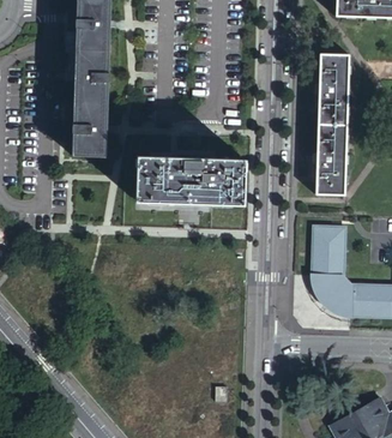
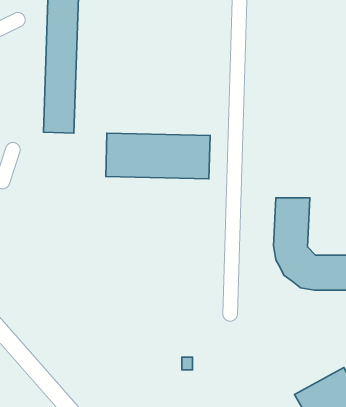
building: [316,53,349,194] -> none

